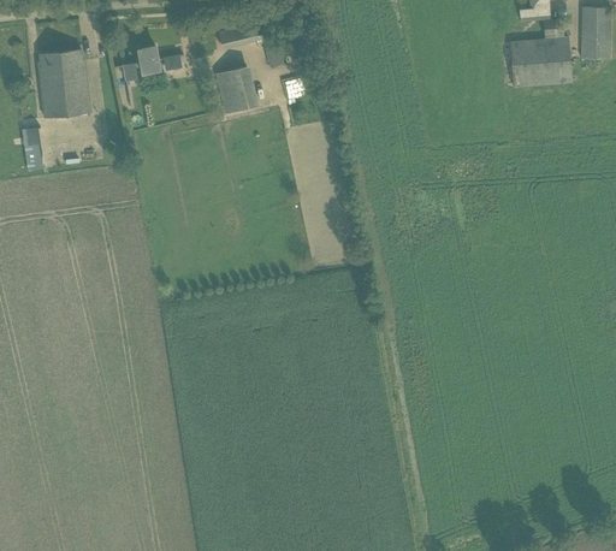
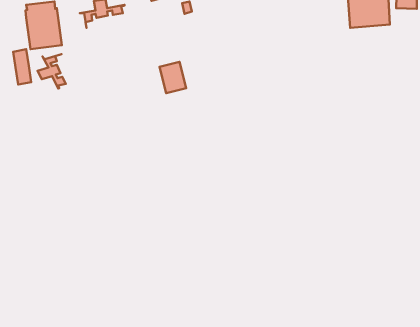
building: [217,65,255,111] -> [160,62,186,93]
building: none -> [37,54,66,88]

